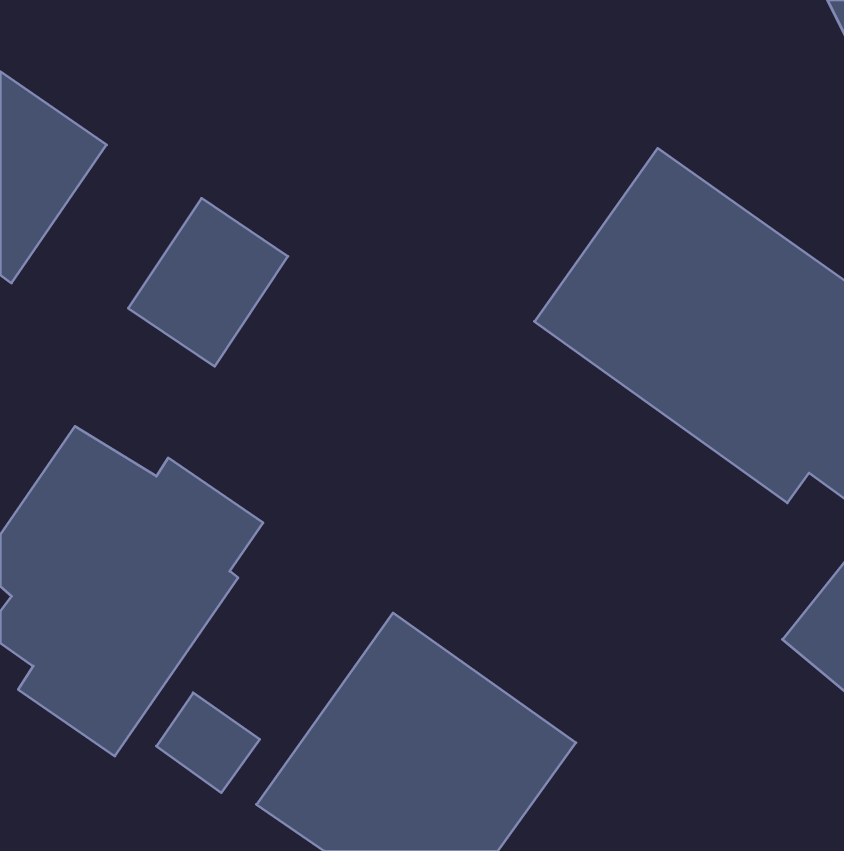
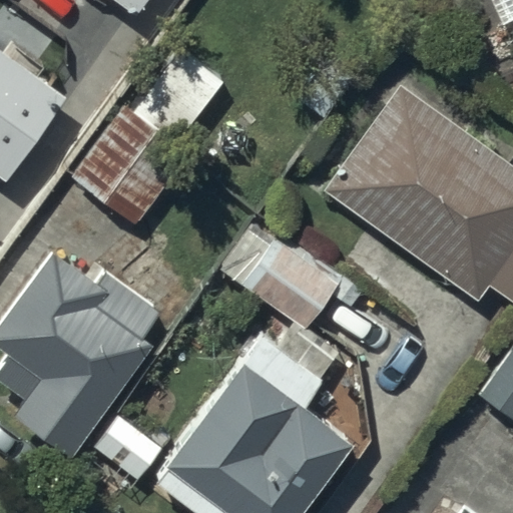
building: none -> [220,219,340,331]

